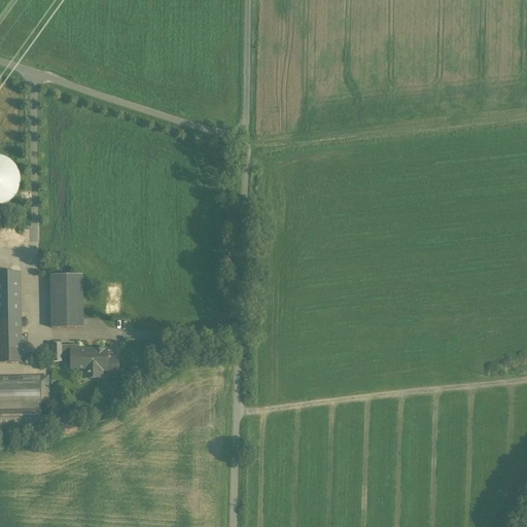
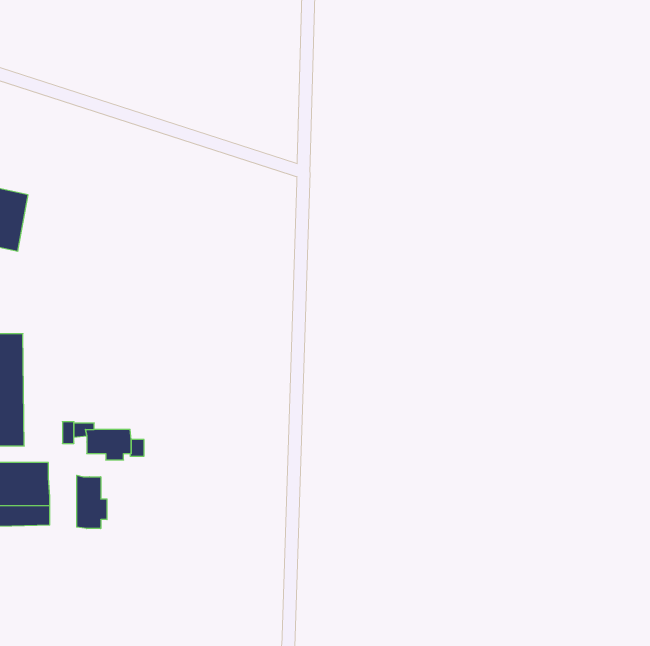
building: [49,273,81,325] -> none
building: none -> [77,475,107,529]

